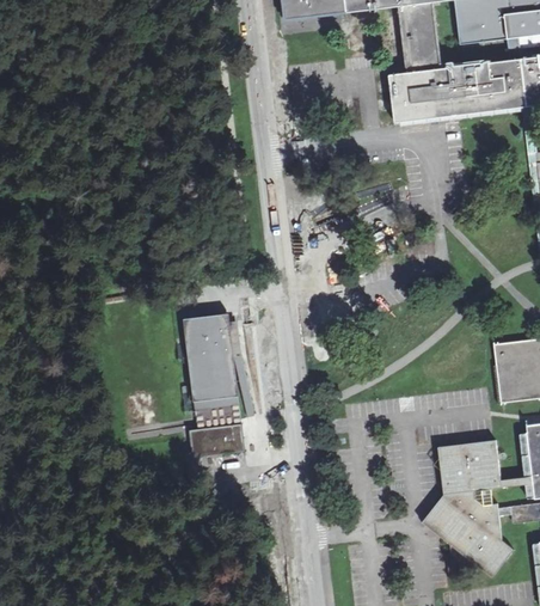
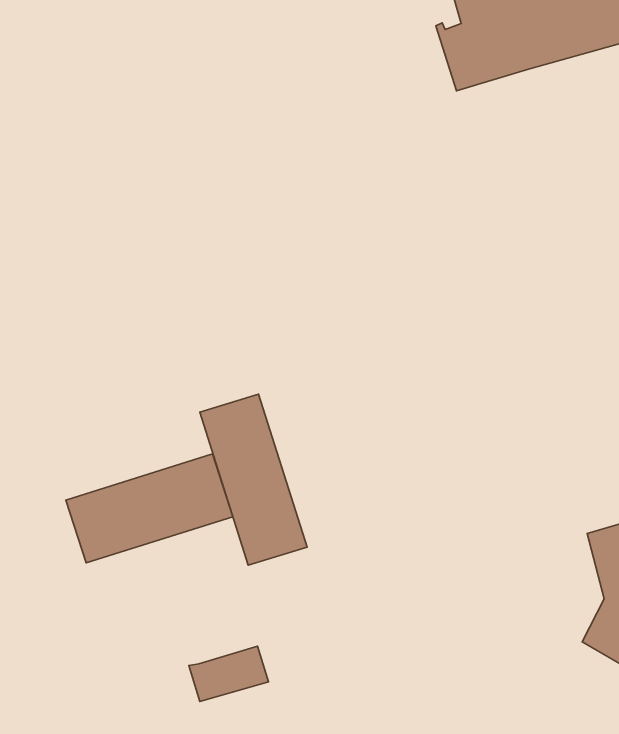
building: none -> [66,454,233,563]
building: [191,424,245,457] -> [189,646,268,701]

